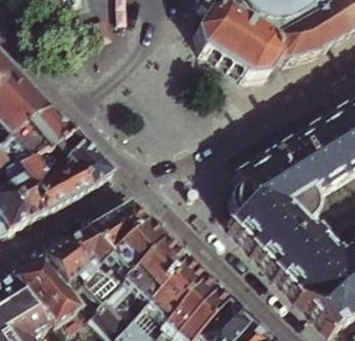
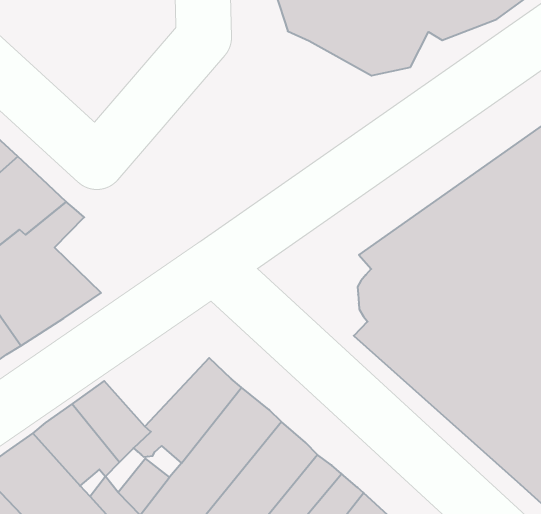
building: [67,140,112,182] -> none
building: [89,205,148,257] -> none

